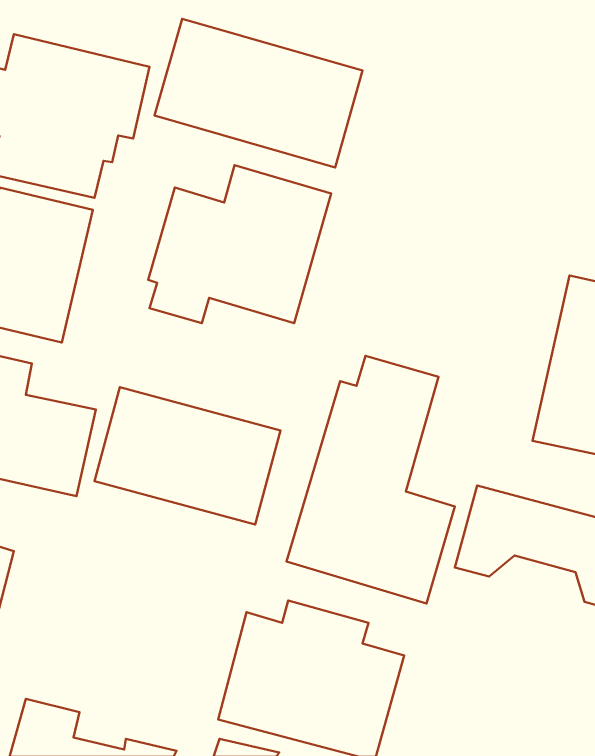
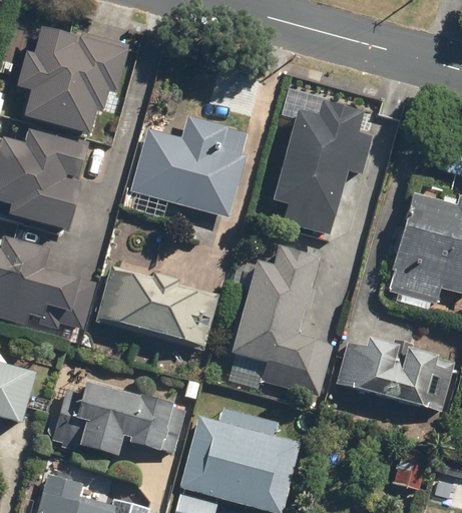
building: [154,19,363,167] -> none
building: none -> [271,88,380,236]
building: none -> [60,377,187,457]

